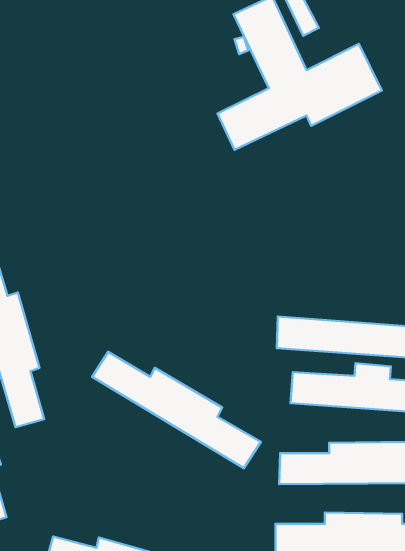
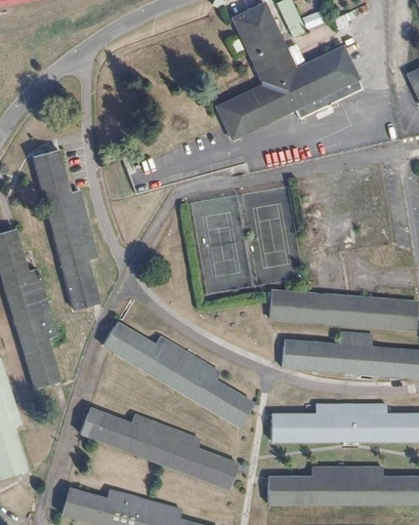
building: none -> [33,150,99,310]
building: none -> [80,408,239,489]

